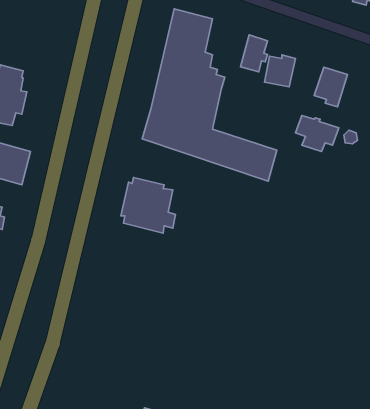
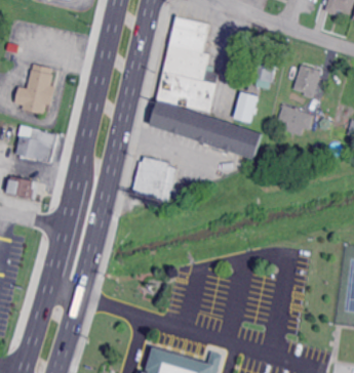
building: [240,35,268,72] -> [233,91,255,122]

